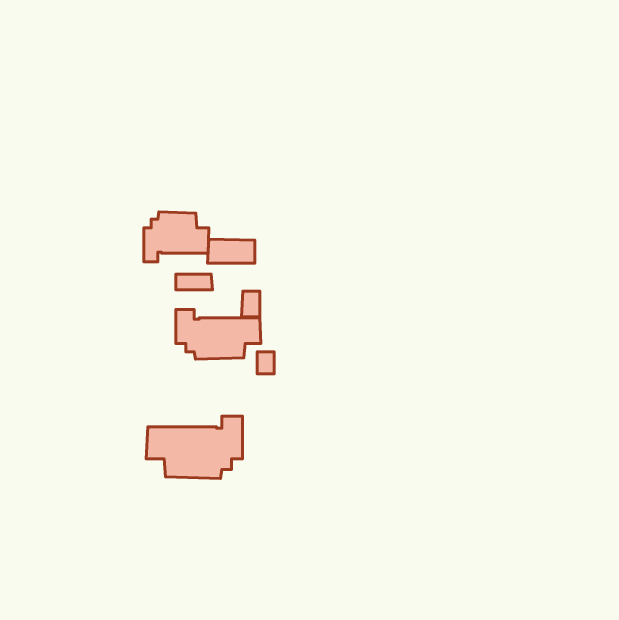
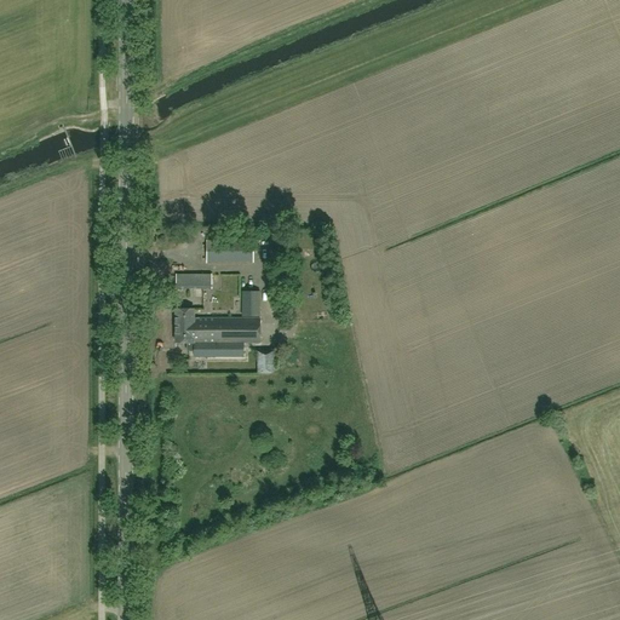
building: [144,212,209,262] -> none
building: [146,416,243,479] -> none

